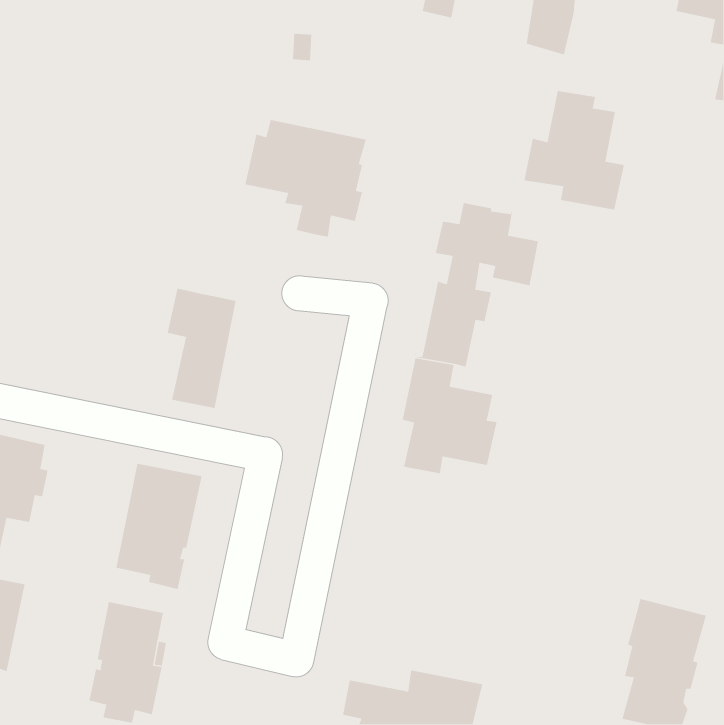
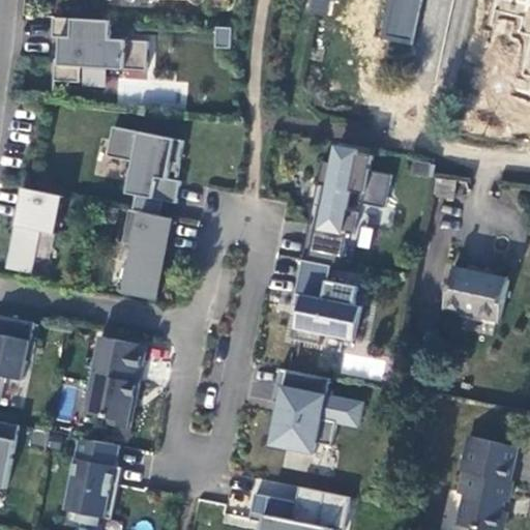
building: none -> [51,17,147,82]
building: [523,90,625,211] -> none
building: [244,119,367,238] -> [96,129,185,215]
building: none -> [6,187,63,272]
building: none -> [443,265,507,319]
building: none -> [270,369,362,453]

